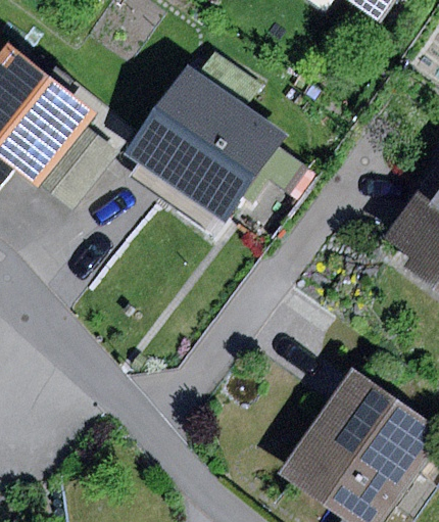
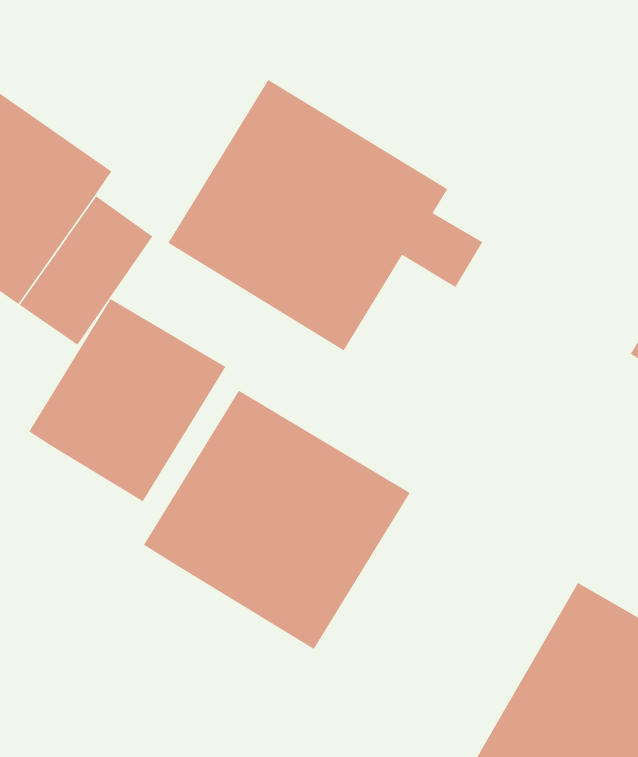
building: none -> [28,298,226,502]
building: none -> [143,390,410,650]

